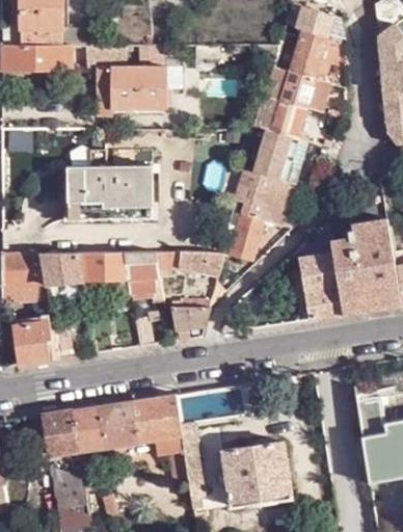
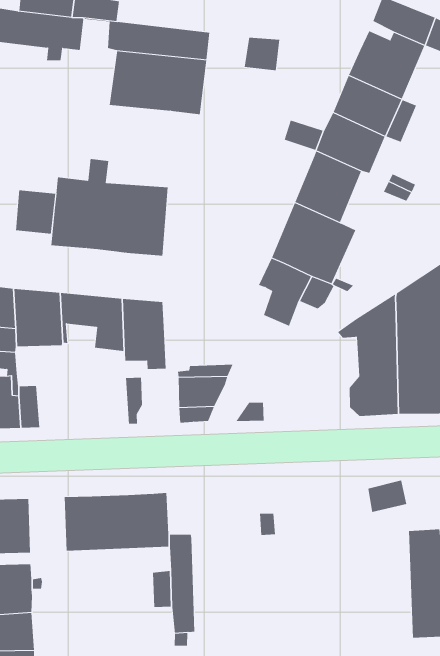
building: none -> [15,190,56,235]
building: [155,250,223,274] -> none
building: [72,406,104,451] -> none
building: [222,442,292,506] -> none

